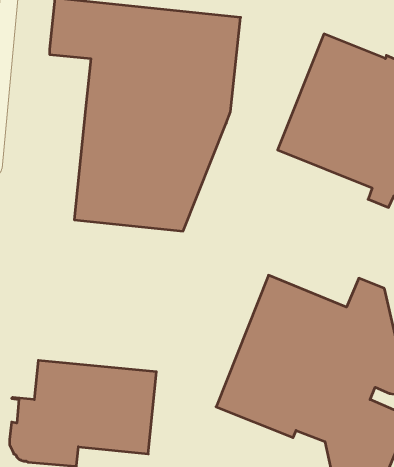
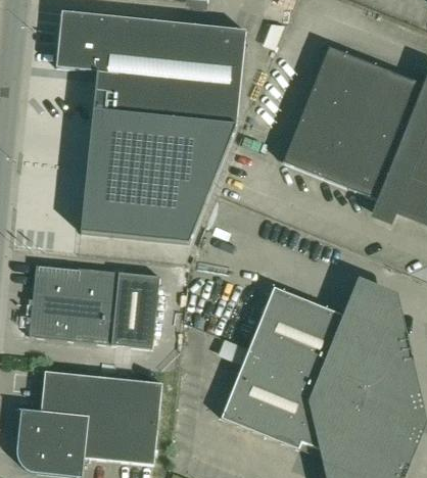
building: none -> [28,262,160,347]

